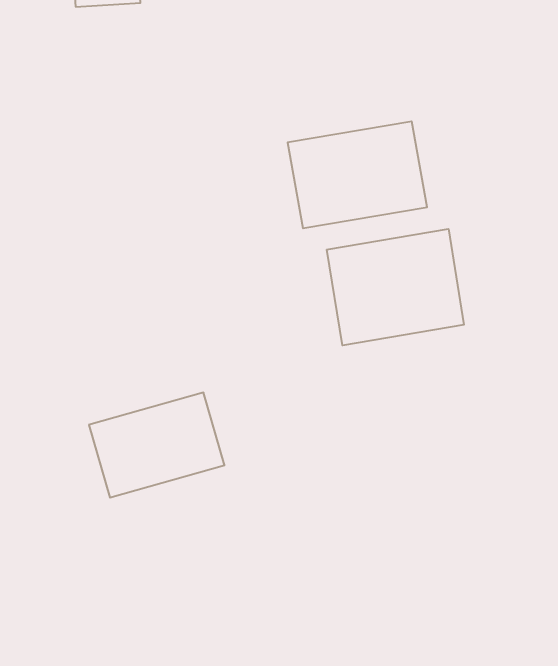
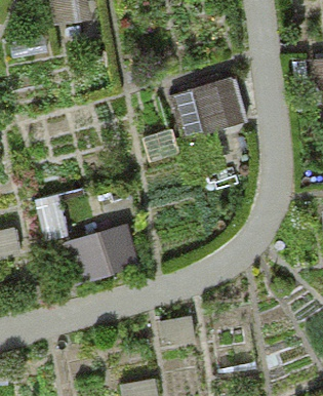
building: [327,229,464,345] -> none

